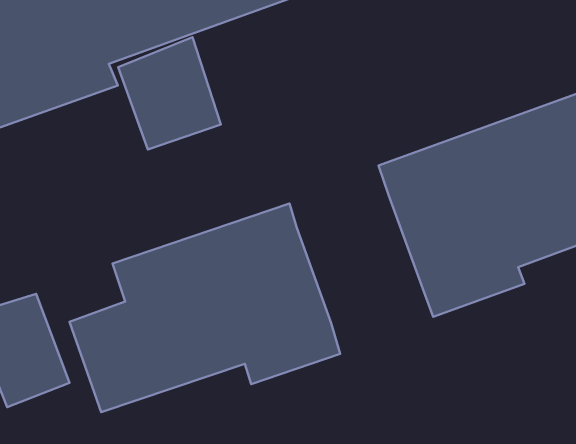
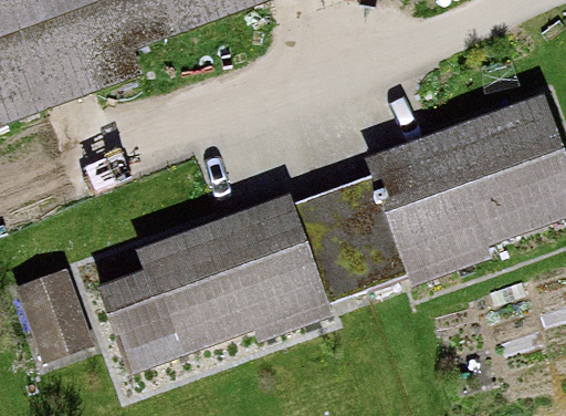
building: [118,37,221,149] -> none
building: none -> [296,179,406,291]

